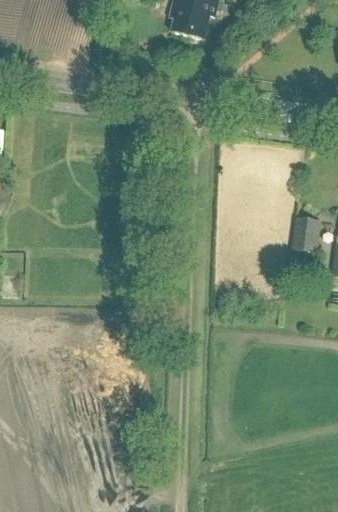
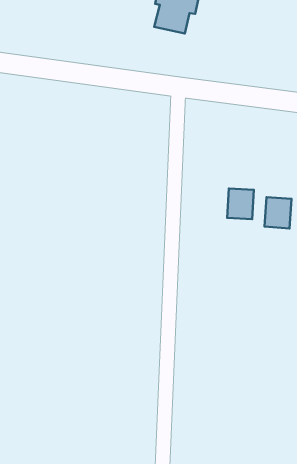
building: none -> [227,189,254,219]

